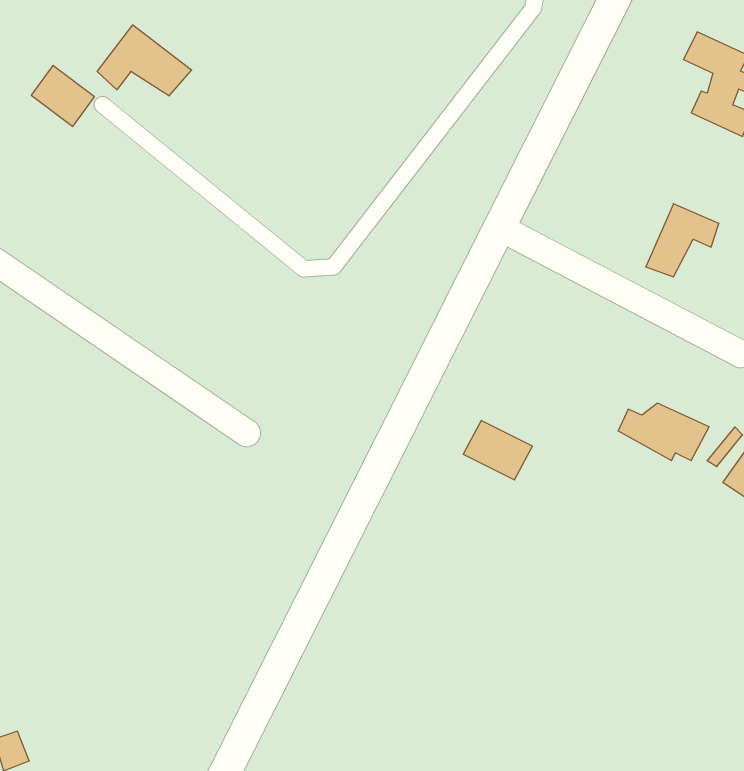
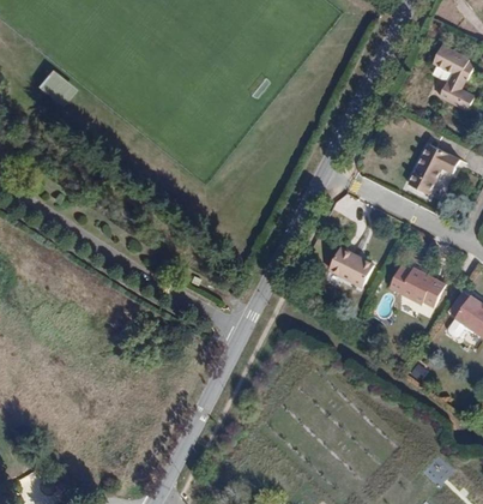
building: [97,25,192,96] -> none
building: [463,421,532,480] -> [327,248,369,284]

